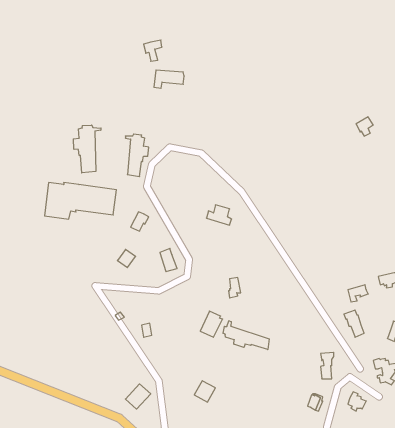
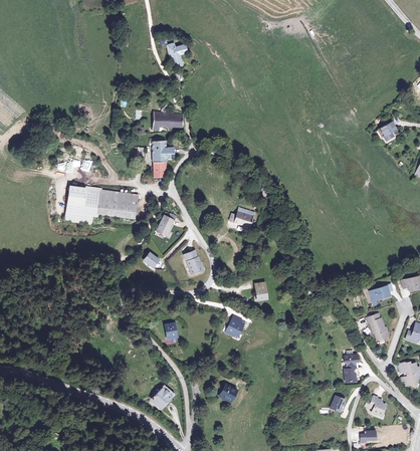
building: [154,70,184,88] -> [154,112,184,131]
building: [73,125,101,173] -> none
building: [223,321,269,350] -> none

